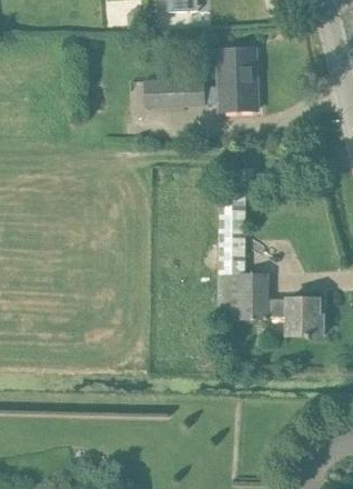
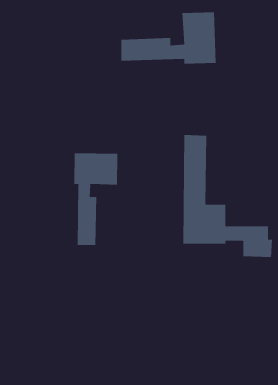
building: none -> [74,152,118,246]

